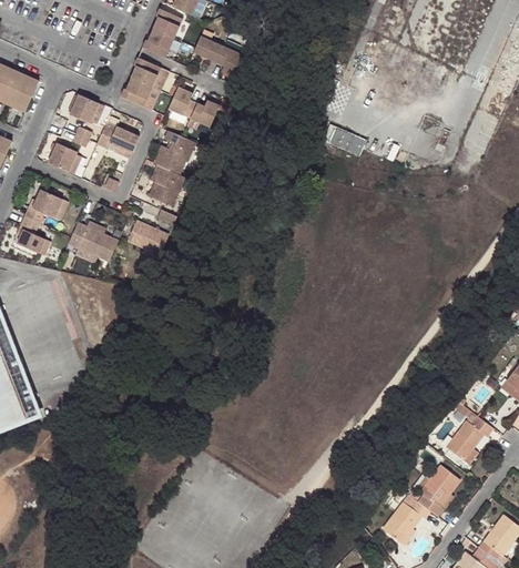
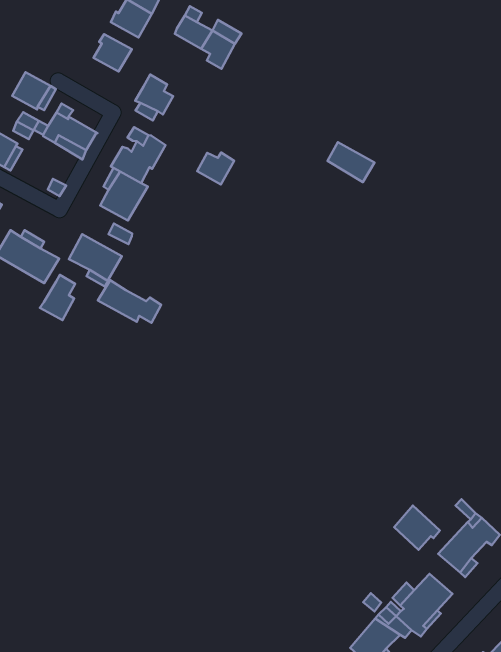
building: [121,78,153,108] -> none
building: [192,101,221,126] -> [197,153,234,184]
building: none -> [40,275,75,320]
building: none -> [98,280,161,323]
building: none -> [394,506,440,550]

